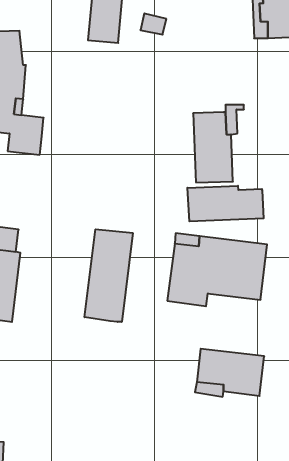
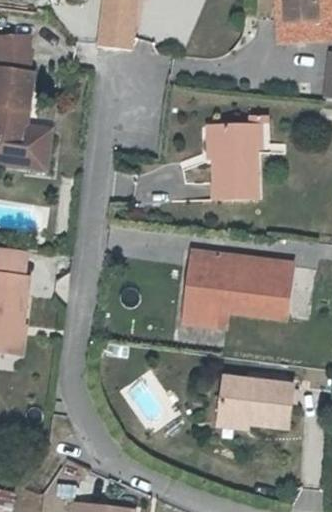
building: [187,186,264,221] -> none
building: [85,229,133,322] -> none

